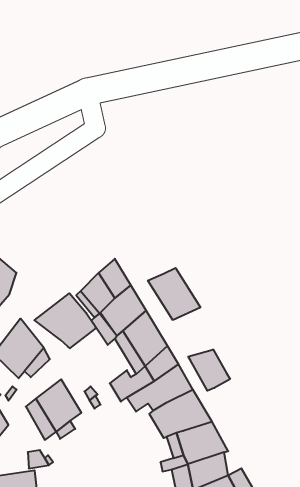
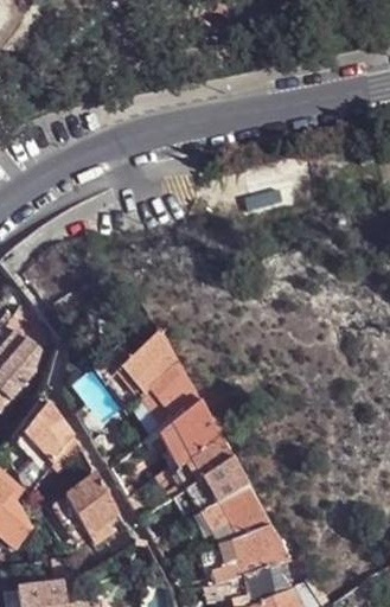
building: [148,268,200,320] -> none
building: [34,293,96,348] -> none
building: [188,349,230,391] -> none

